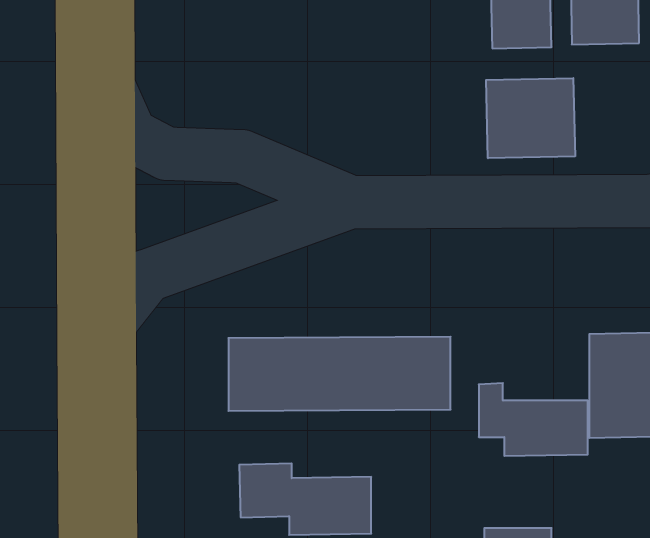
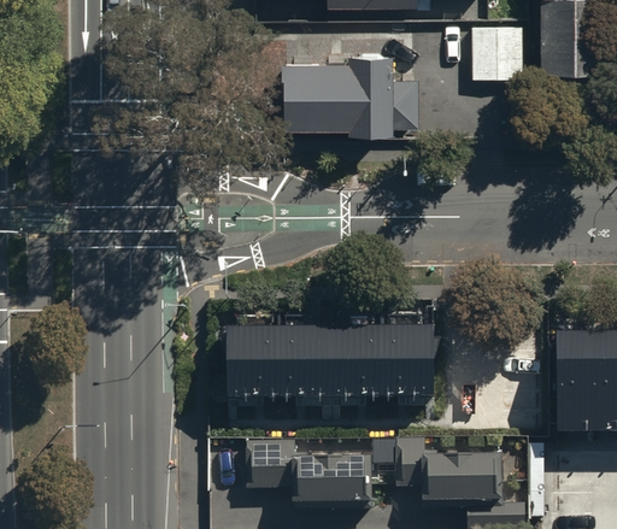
building: none -> [287,57,395,134]
building: [486,78,575,158] -> none
building: [479,383,588,456] -> [401,439,499,504]

